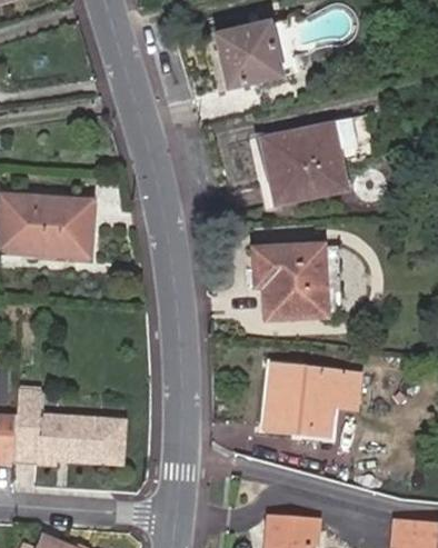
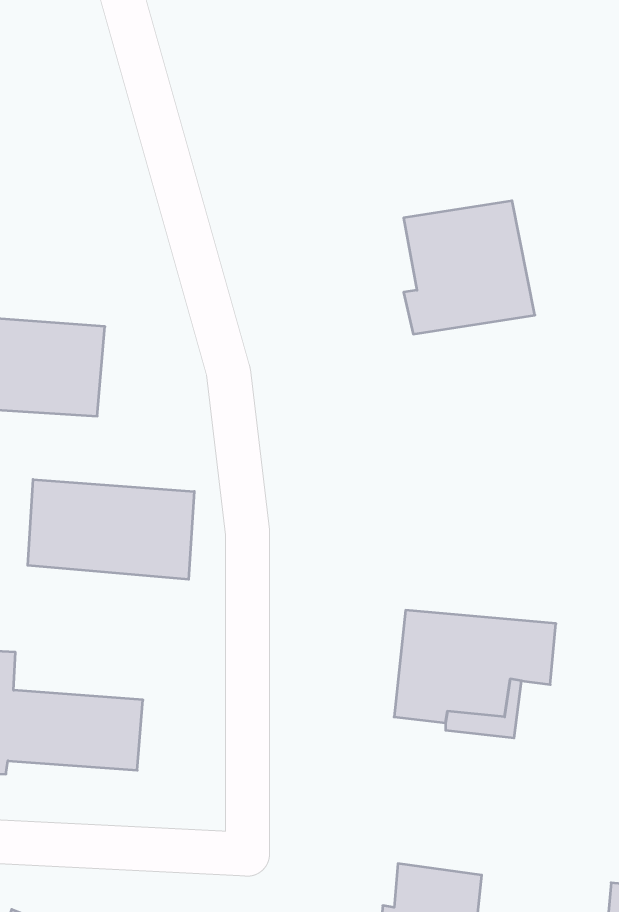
building: [217,24,281,87] -> none
building: [250,248,323,318] -> none
building: none -> [28,479,194,579]

